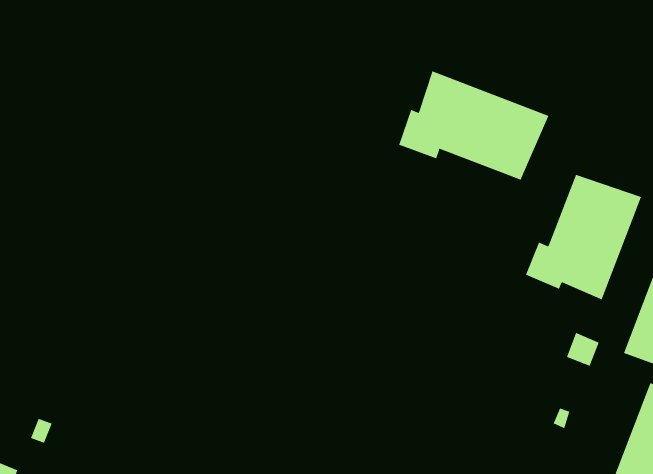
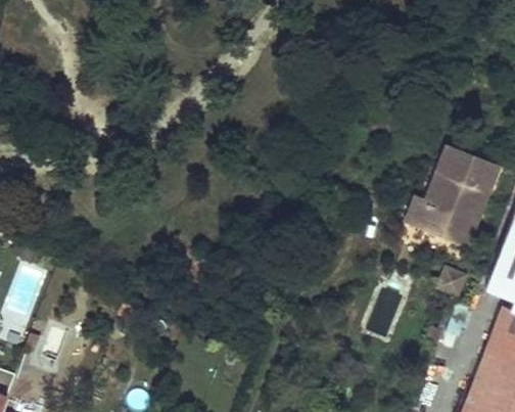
building: [399,71,549,180] -> none

